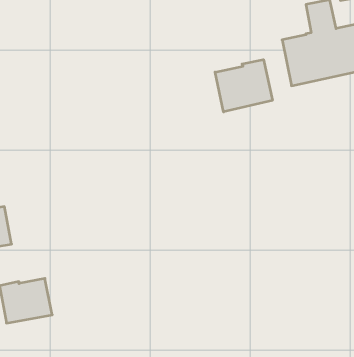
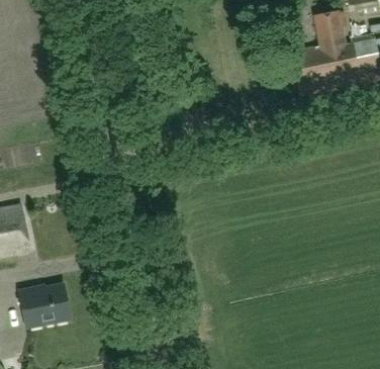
building: [215,60,272,112] -> none

